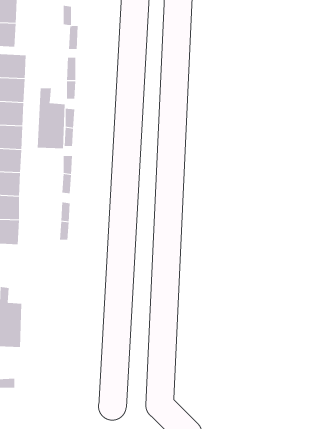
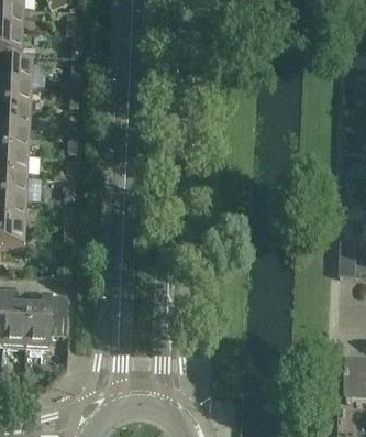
building: [37,87,65,149] -> none
building: none -> [24,288,66,347]

